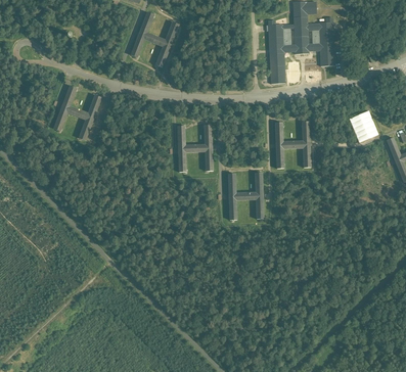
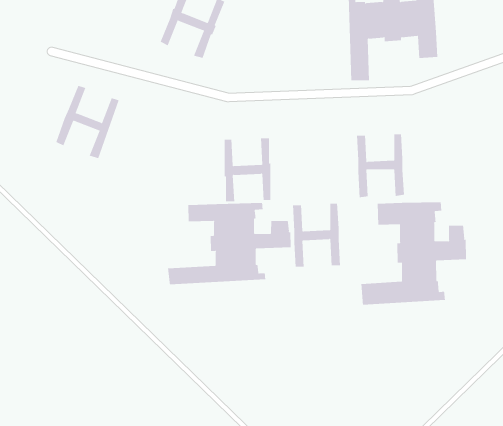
building: [349,110,378,142] -> none
building: none -> [361,201,467,306]
building: none -> [168,202,291,285]

